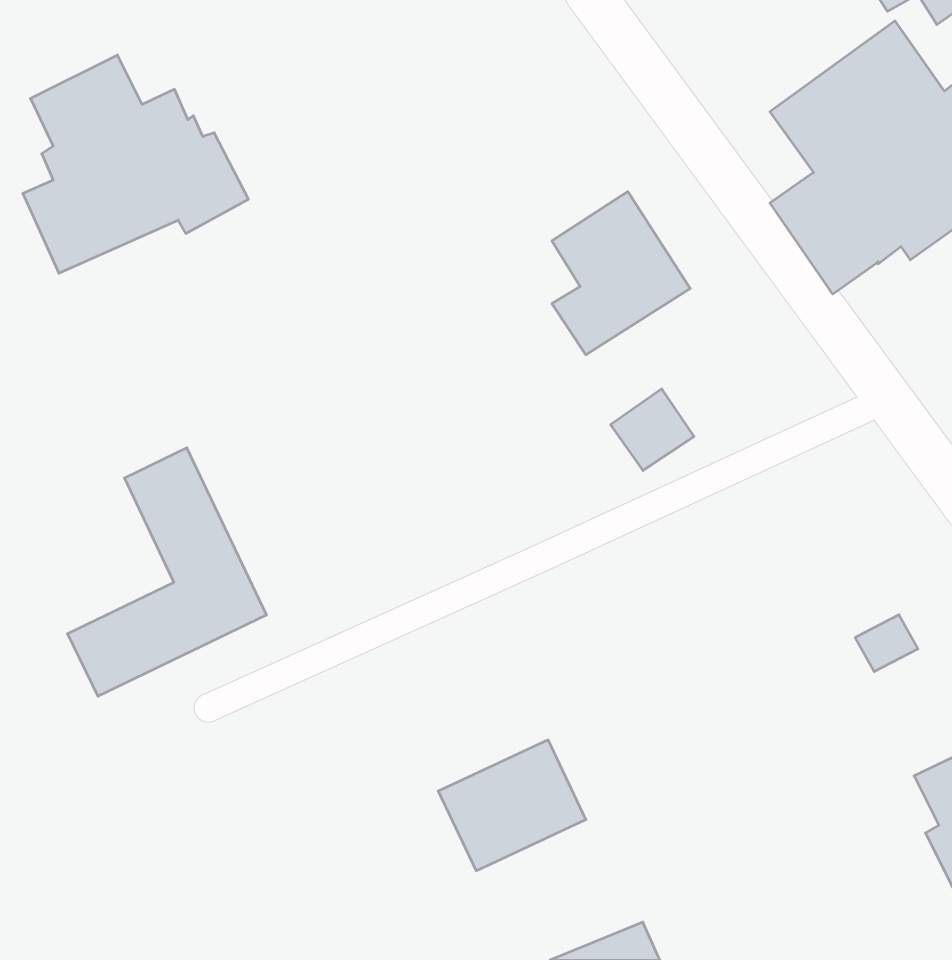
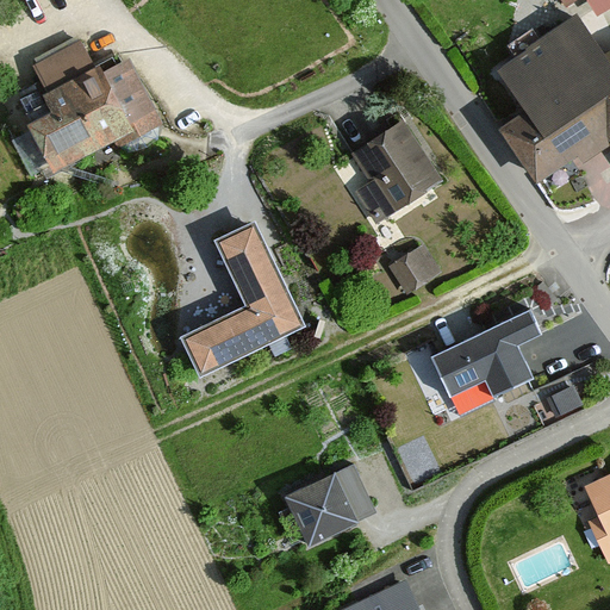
building: [67,448,267,696] -> [178,222,303,378]
building: none -> [429,310,539,398]

